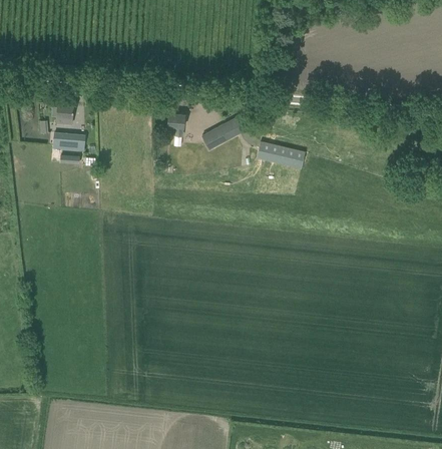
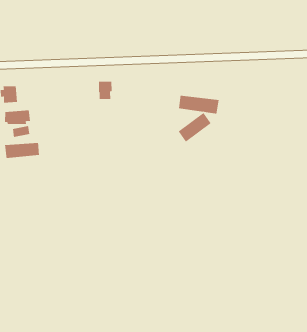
building: [202,119,243,151] -> [178,112,211,143]
building: none -> [5,142,39,159]

